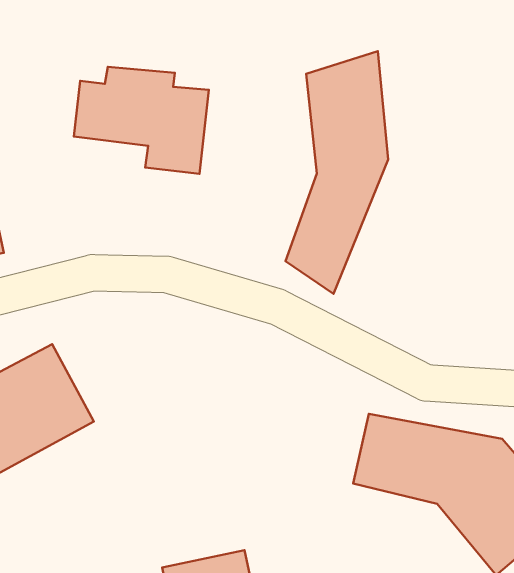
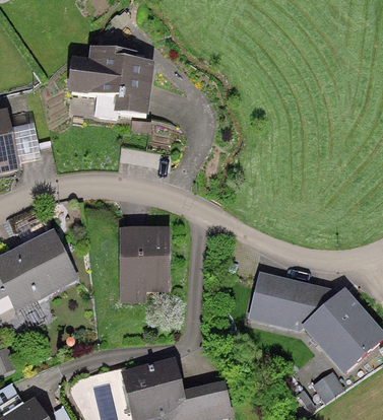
building: [285,51,388,294] -> none
building: none -> [117,227,171,299]

